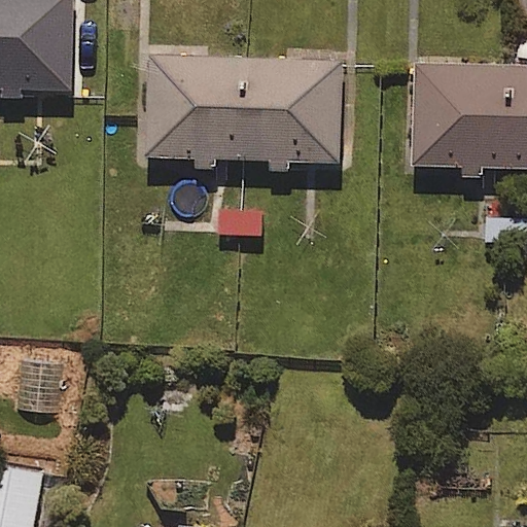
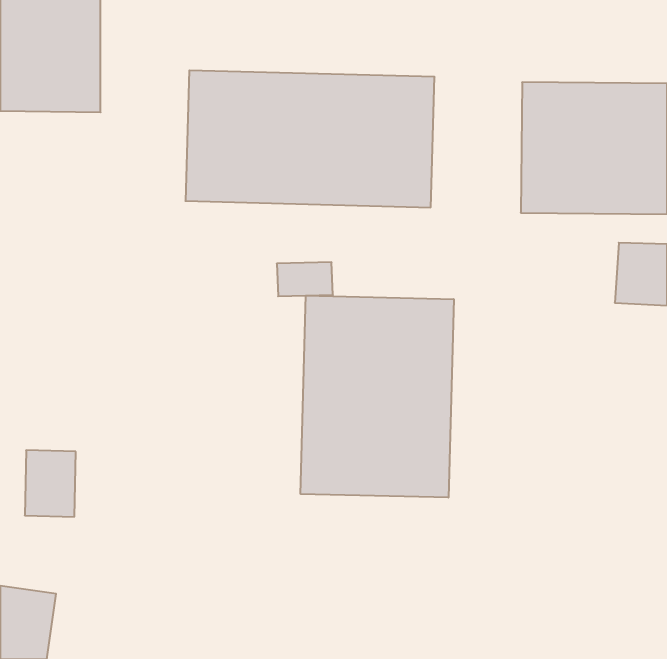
building: none -> [301,296,454,498]

